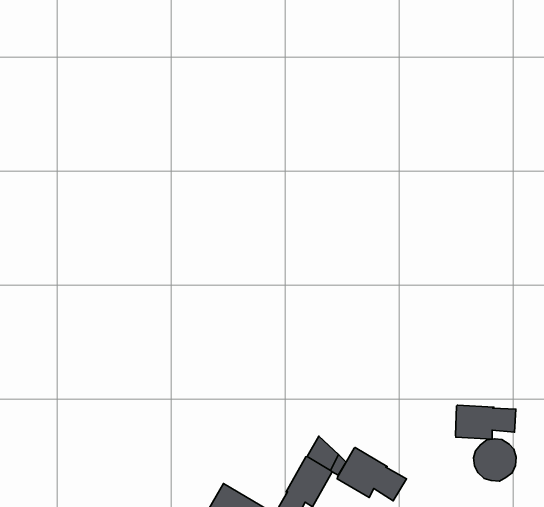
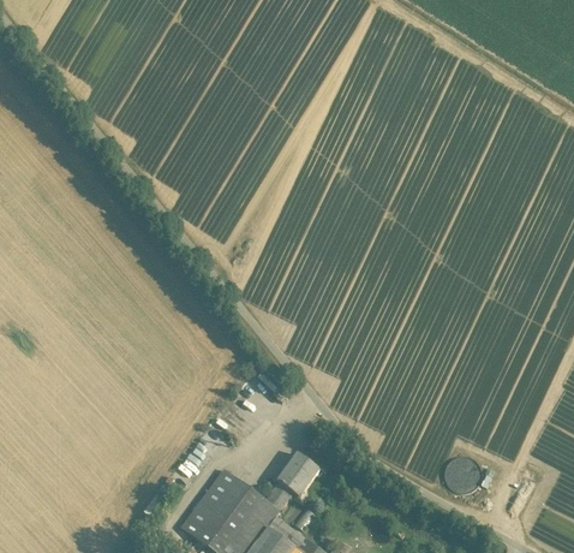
building: [456,405,516,439] -> none
building: [337,447,406,501] -> none

